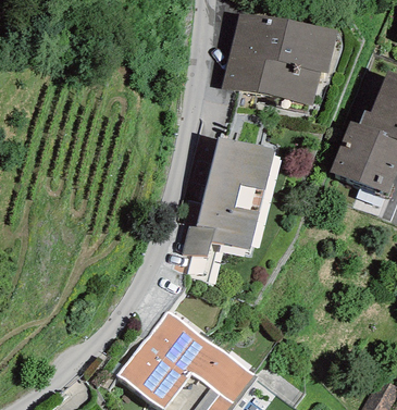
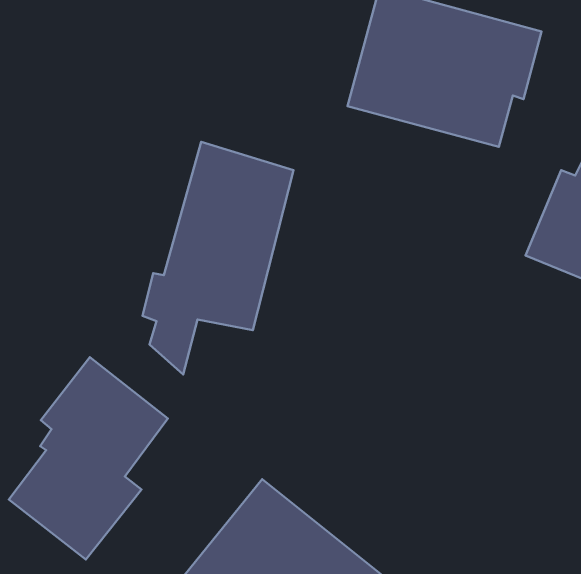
building: [183,139,275,282] -> [142,142,294,375]
building: none -> [9,357,168,560]

